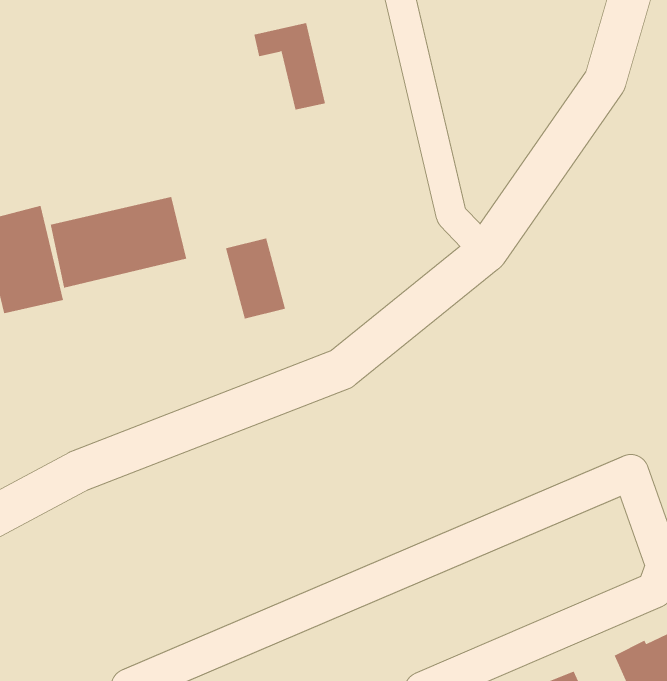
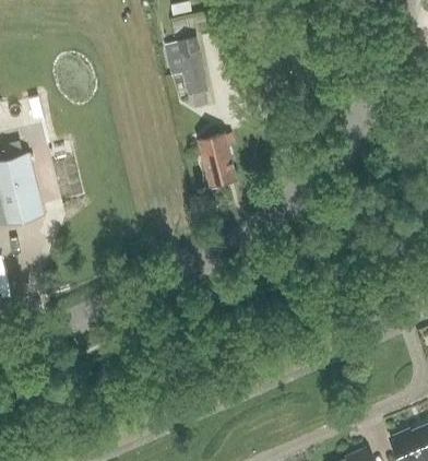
building: [50,196,187,288] -> none
building: [225,238,286,319] -> [199,134,237,186]

